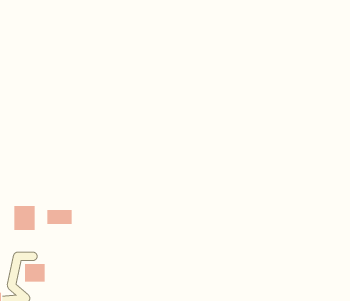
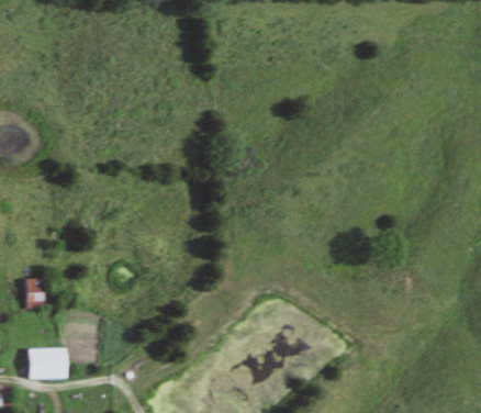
building: [47,209,72,225] -> none

